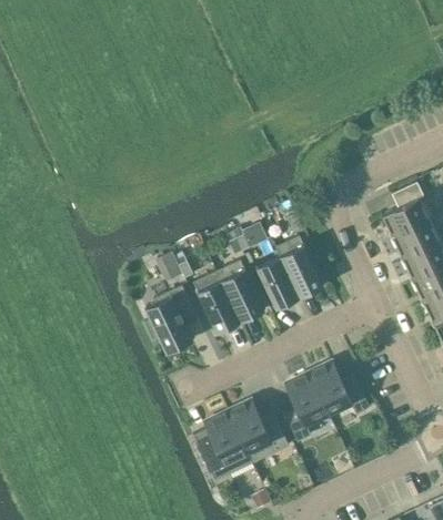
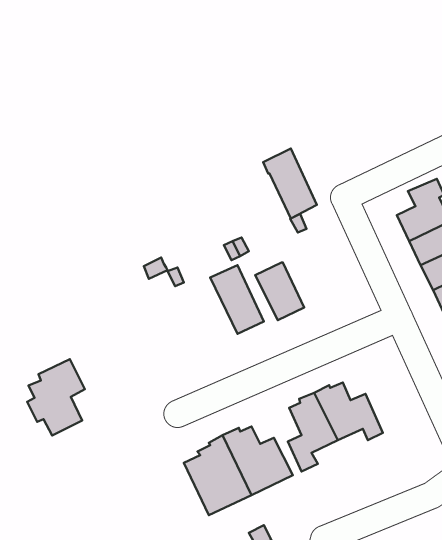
building: [275,234,323,296] -> [263,148,317,219]
building: [193,269,241,332] -> none
building: [144,284,195,351] -> [27,359,85,436]

